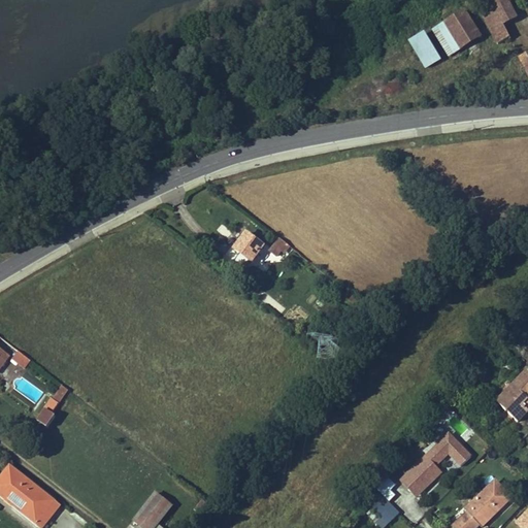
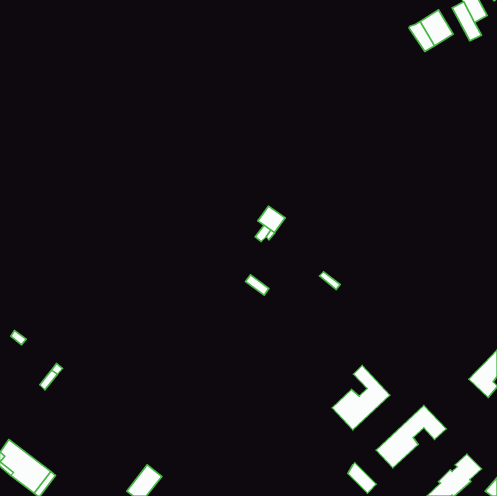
building: [411,34,440,67] -> none
building: [234,233,263,261] -> [258,206,285,232]
building: none -> [332,366,390,430]

